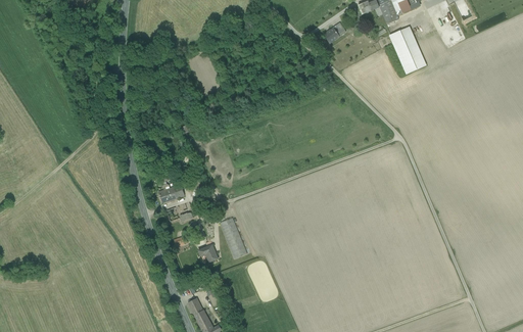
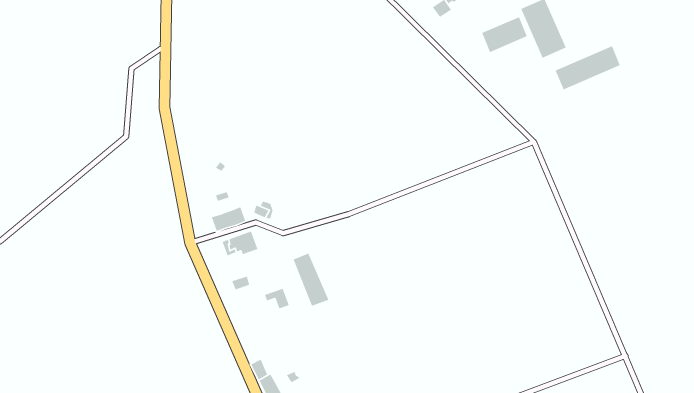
building: none -> [481,16,528,53]
building: none -> [555,45,621,91]

